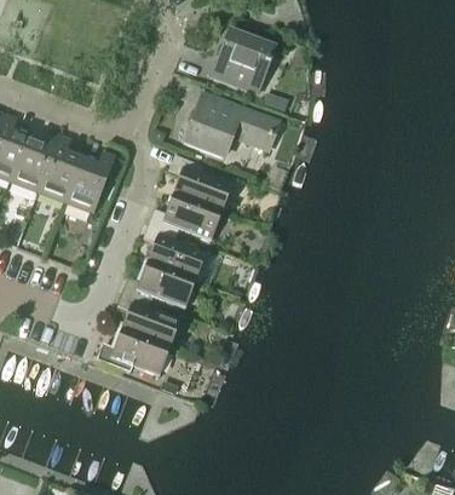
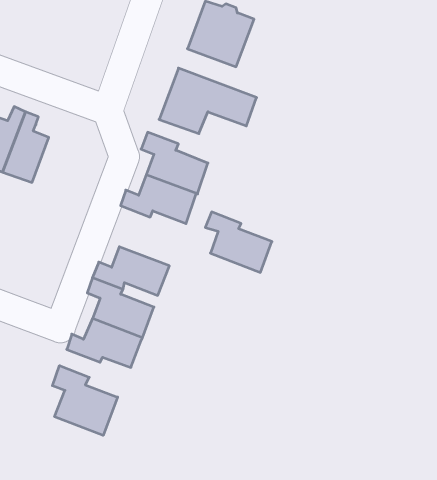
building: [64,151,114,212] -> none
building: [142,223,205,280] -> [205,212,272,272]
building: none -> [52,366,118,435]

